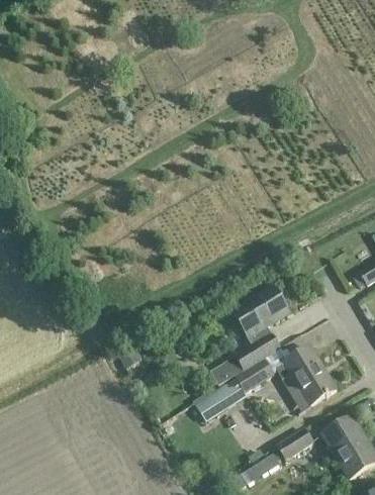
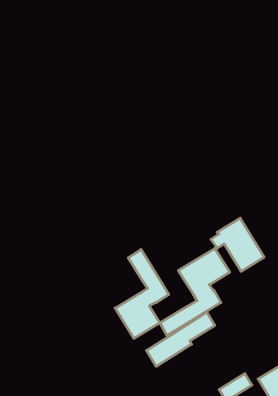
building: none -> [115,249,169,338]
building: [275,345,336,406] -> [211,218,264,271]

